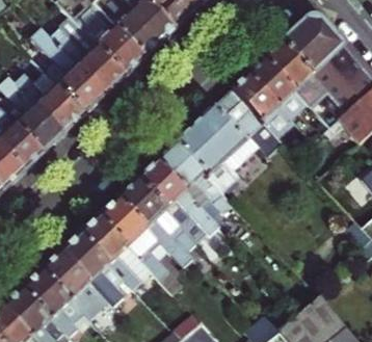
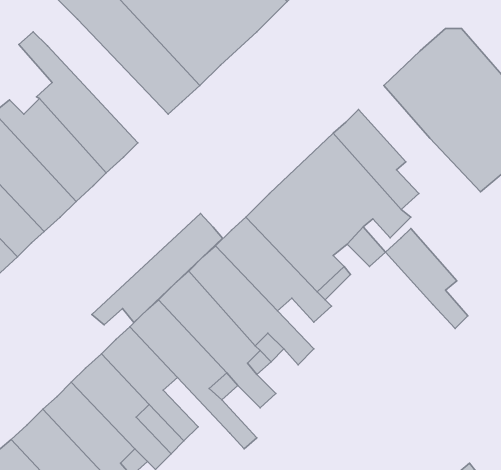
building: [45,14,124,95] -> none
building: [248,57,302,123] -> [385,228,468,328]
building: none -> [92,214,222,325]

